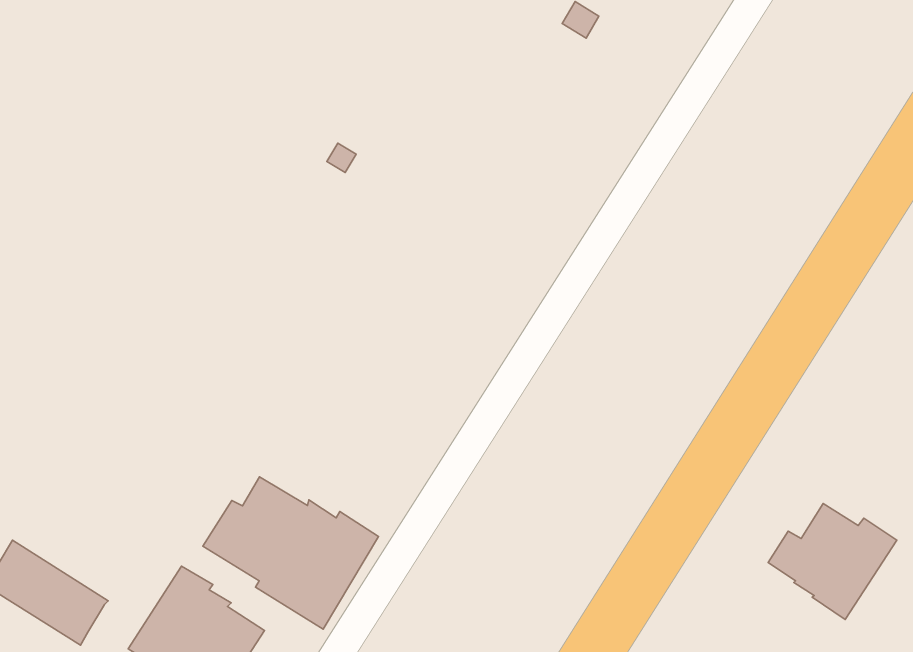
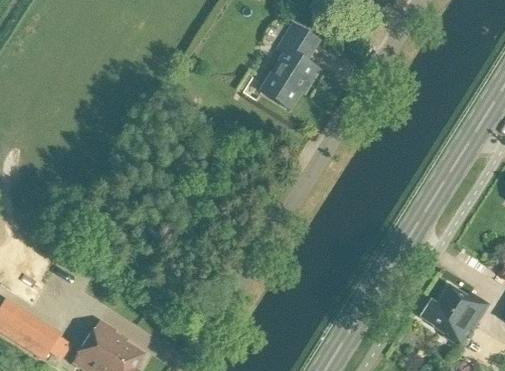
building: none -> [258,21,322,111]
building: [203,477,378,629] -> none

